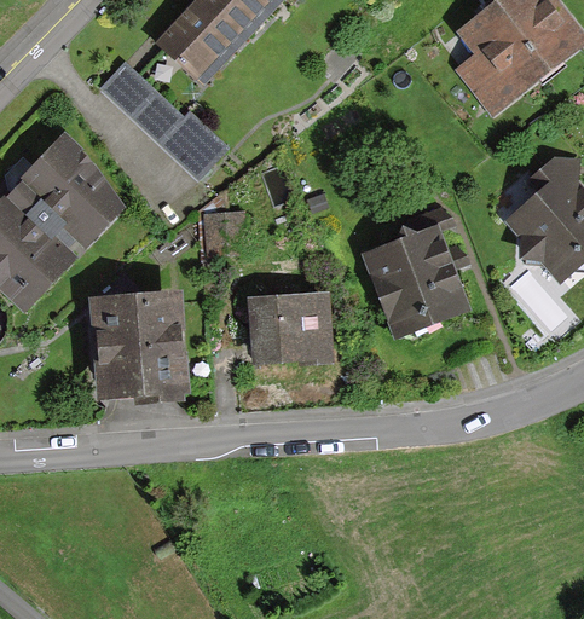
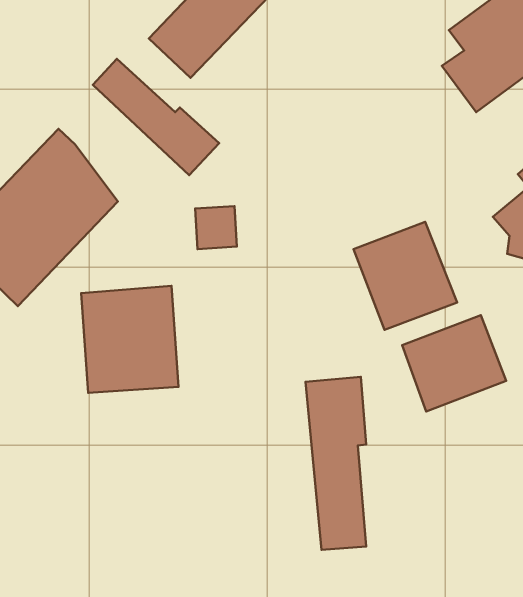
building: [243,293,333,366] -> none
building: none -> [402,315,506,412]
building: none -> [305,377,366,550]

